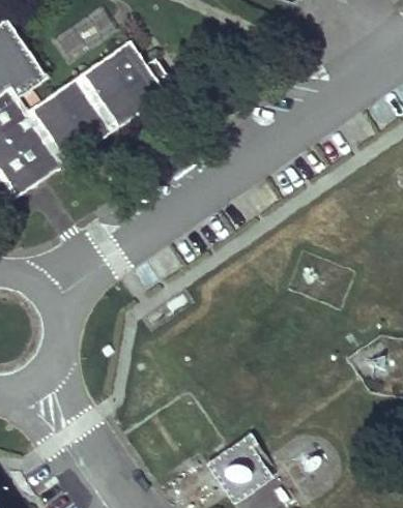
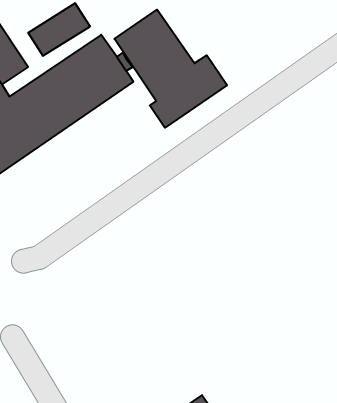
building: none -> [114,10,227,128]

